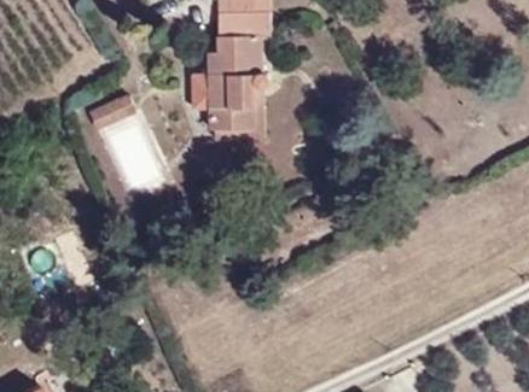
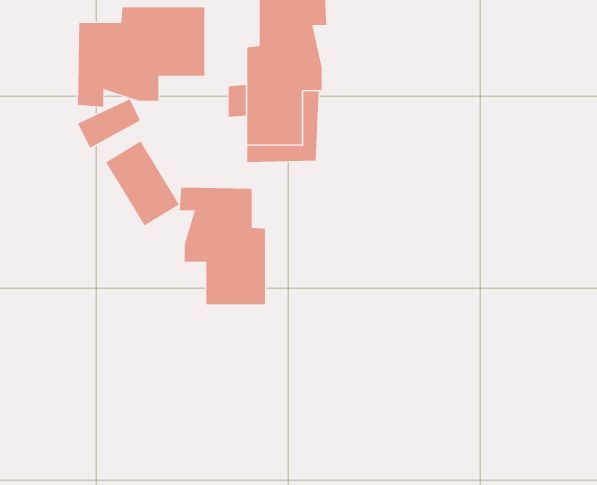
building: none -> [77,7,205,107]
building: none -> [179,187,265,305]

